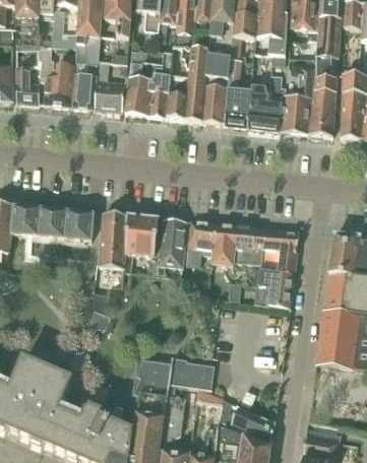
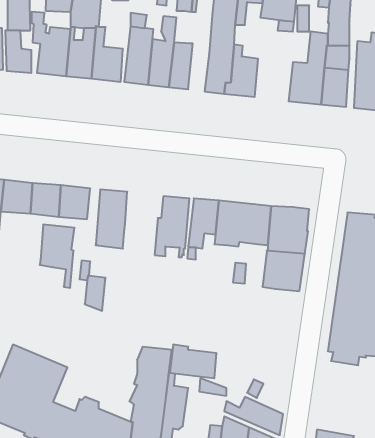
building: [181,45,208,120] -> none
building: [248,84,284,129] -> none
building: [126,213,159,272] -> [40,225,75,288]

